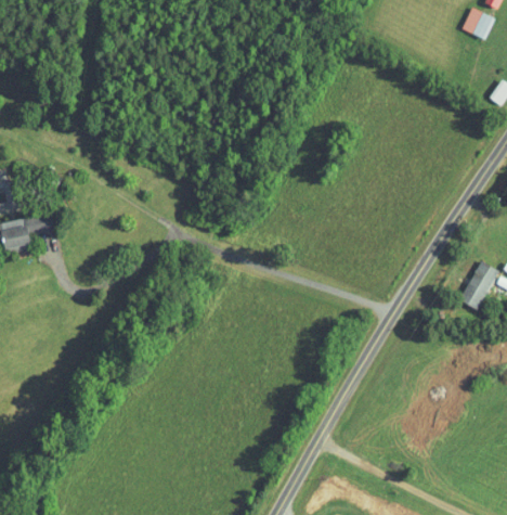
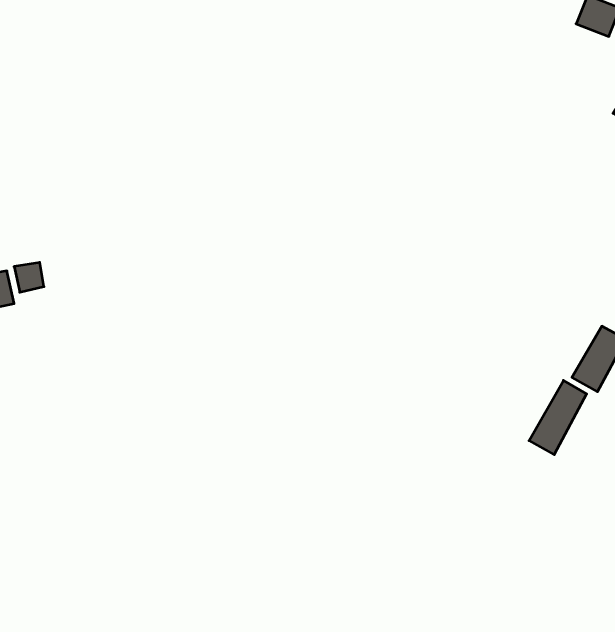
building: none -> [529,380,587,455]

